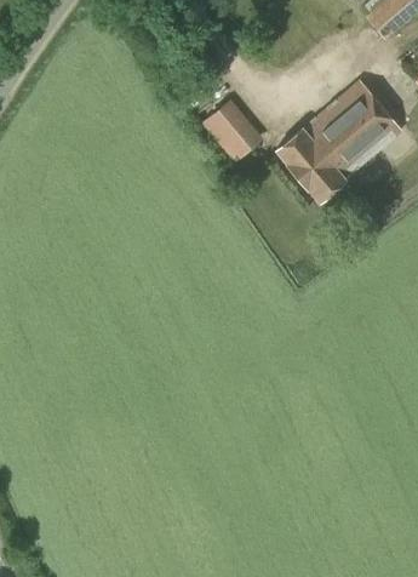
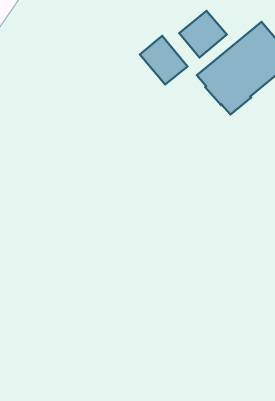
building: none -> [179,11,227,58]

